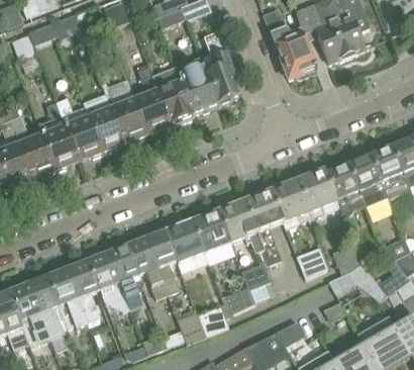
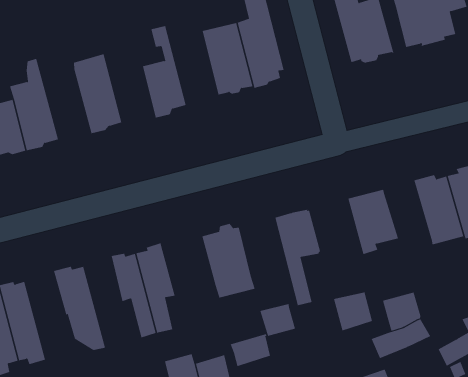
building: [152,67,194,123] -> none
building: [105,80,148,142] -> none
building: [56,97,102,160] -> none
building: [325,160,364,217] -> none
building: [270,179,314,230] -> none
building: [220,199,270,263] -> none
building: [165,219,207,266] -> none
building: [108,242,144,310] -> none
building: [66,258,100,325] -> none

